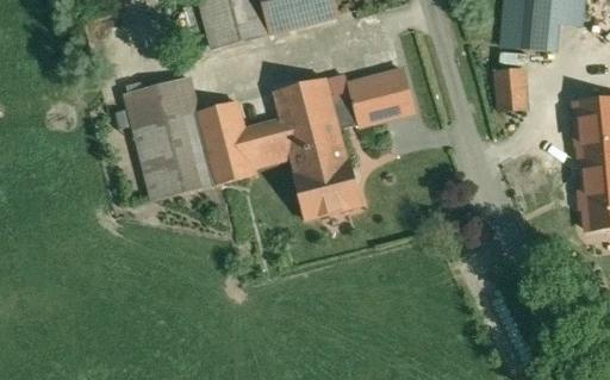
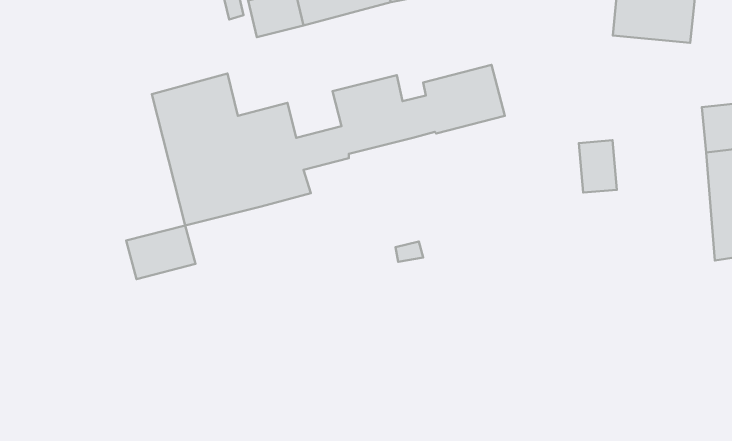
building: [494,68,525,111] -> [579,140,617,193]
building: [286,129,359,218] -> none
building: none -> [126,225,196,279]

